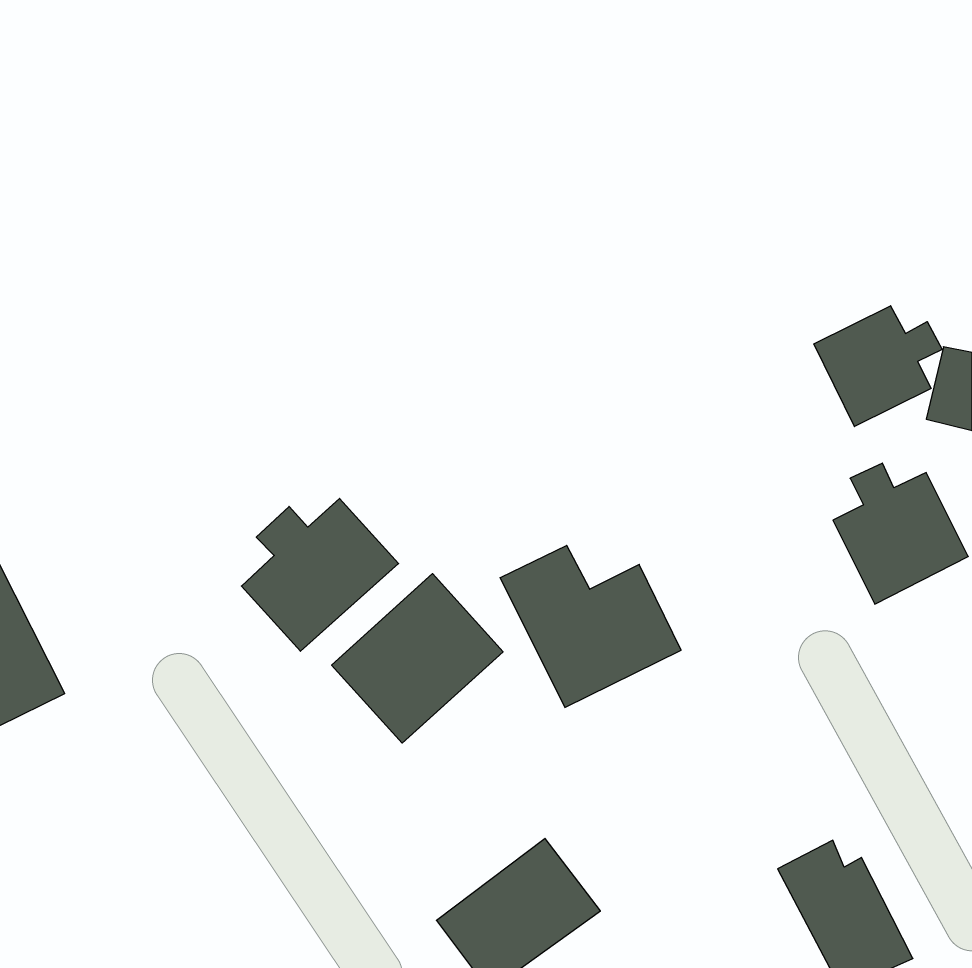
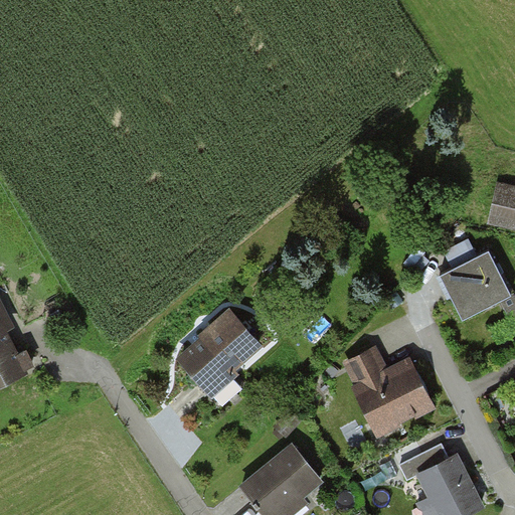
building: [814,306,942,427] -> none
building: [241,498,399,651] -> none
building: [500,545,681,707] -> [343,348,439,434]

